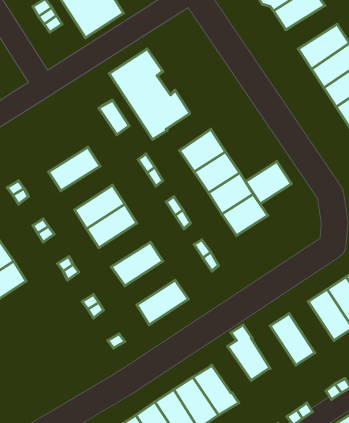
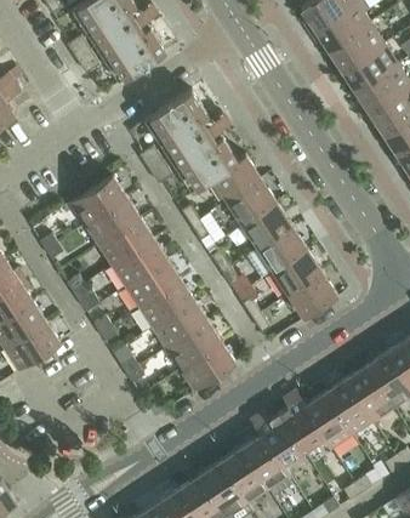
building: none -> [341,45,397,92]
building: none -> [211,155,260,203]
building: none -> [69,177,126,226]
building: [246,162,291,204] -> [287,273,337,319]
building: none -> [97,220,153,267]
building: none -> [138,281,194,329]
building: none -> [166,323,221,370]
building: none -> [344,366,393,422]
building: none -> [303,393,352,450]
building: none -> [250,412,303,466]

